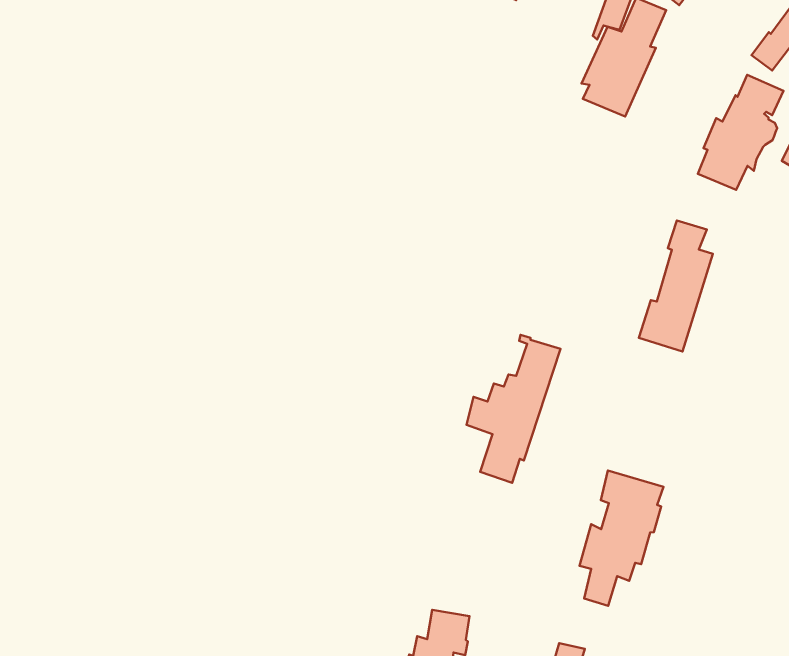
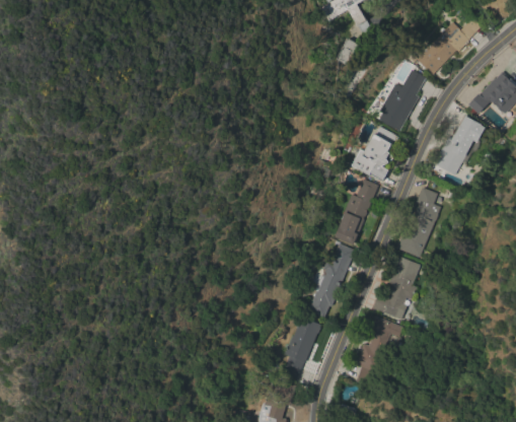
building: none -> [351,128,397,182]
building: none -> [335,179,378,244]
building: none -> [372,257,420,321]
building: none -> [281,316,320,381]

